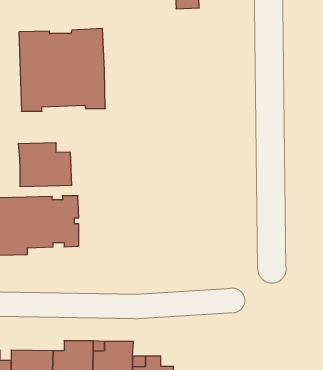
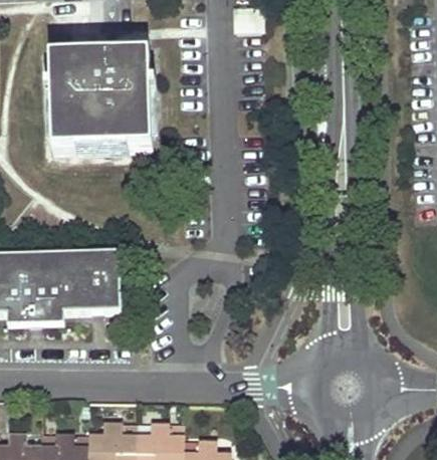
building: [19,143,72,187] -> none

